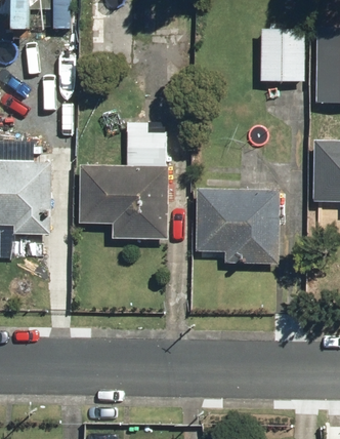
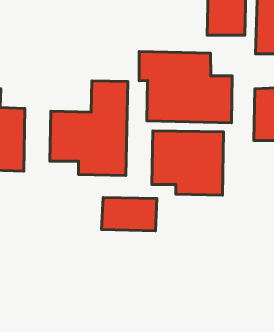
building: none -> [139,52,232,123]
building: none -> [102,198,157,231]

